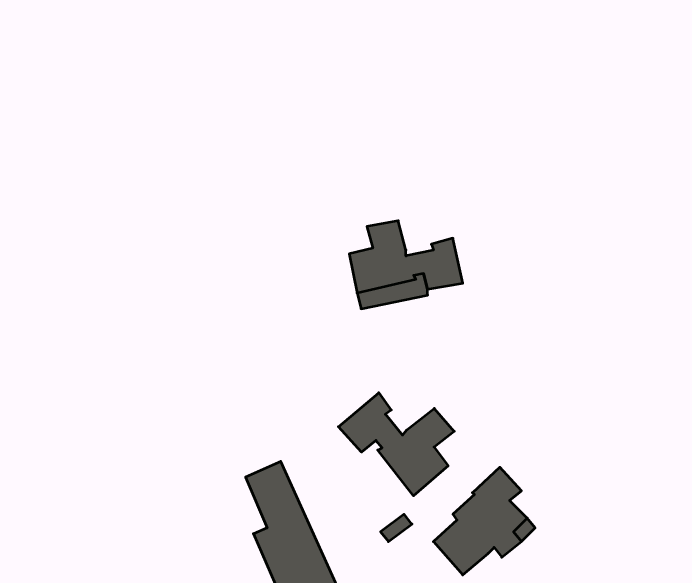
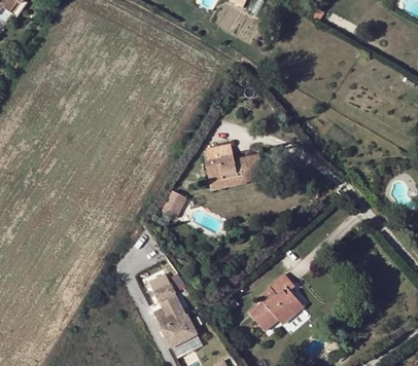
building: none -> [162,191,187,219]
building: [338,393,454,496] -> none

